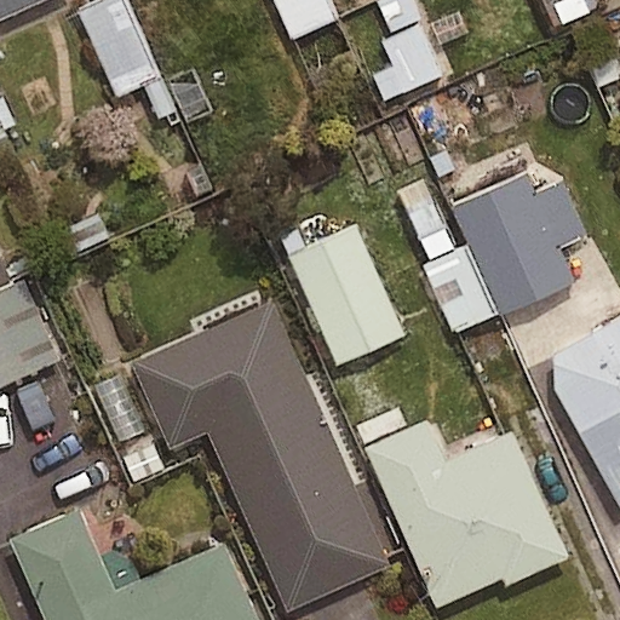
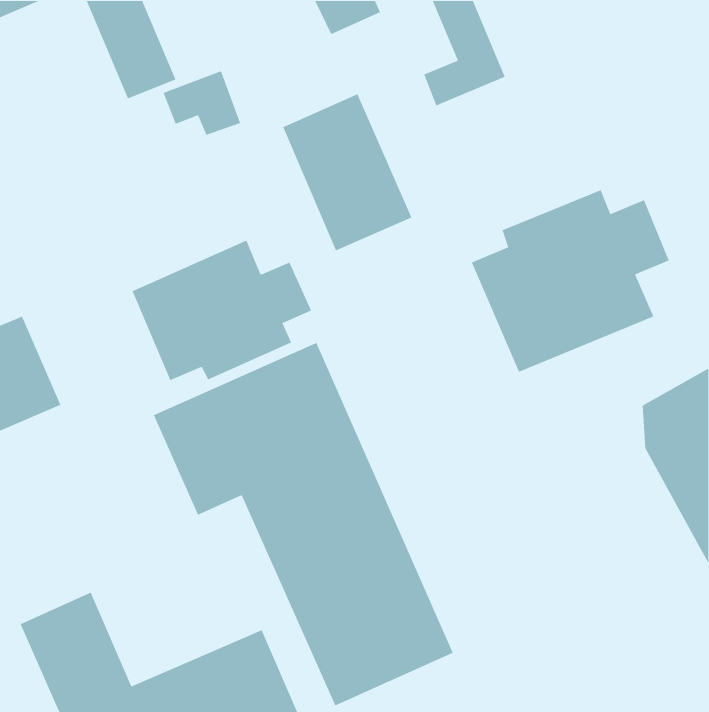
building: none -> [131,240,312,381]
building: [283,222,396,358] -> [282,93,412,252]
building: [367,420,572,609] -> none

